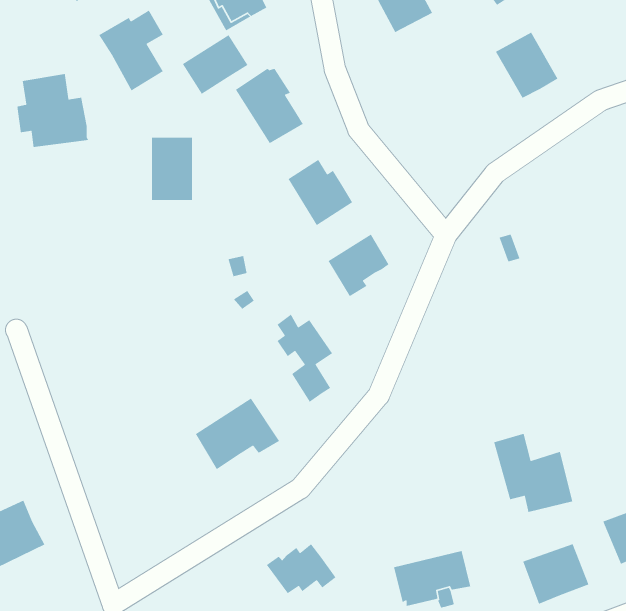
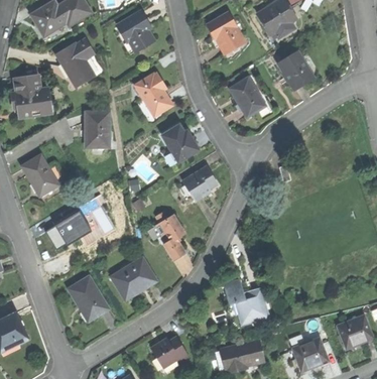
building: [182,34,248,95] -> none
building: none -> [228,78,264,117]
building: none -> [22,155,60,197]
building: none -> [45,209,93,250]
building: none -> [69,275,109,322]
building: [493,433,573,513] -> [223,279,267,324]

